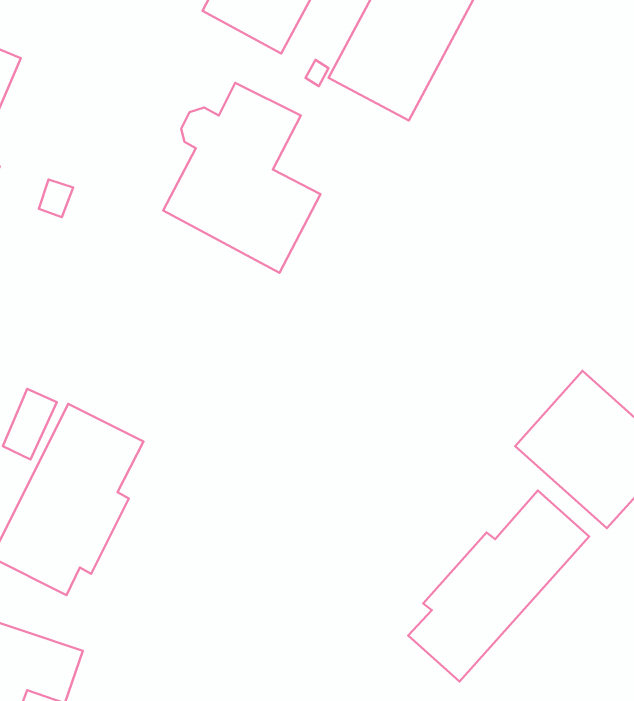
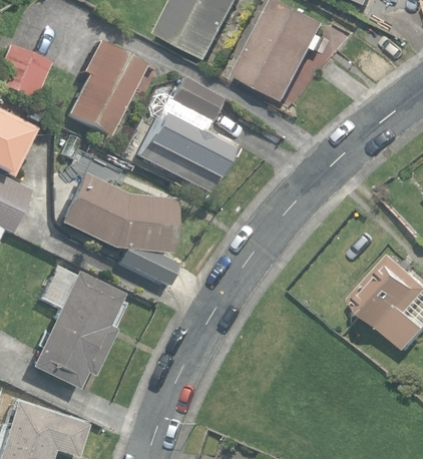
building: none -> [64,40,143,136]
building: none -> [59,173,175,288]
building: [408,491,589,682] -> none

